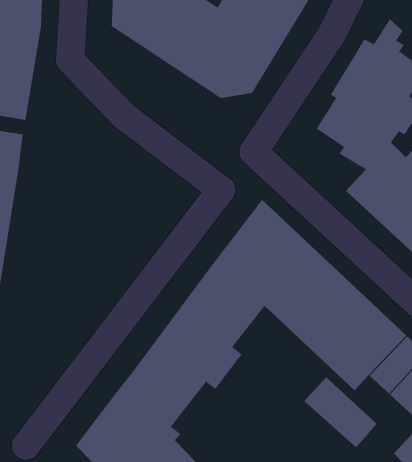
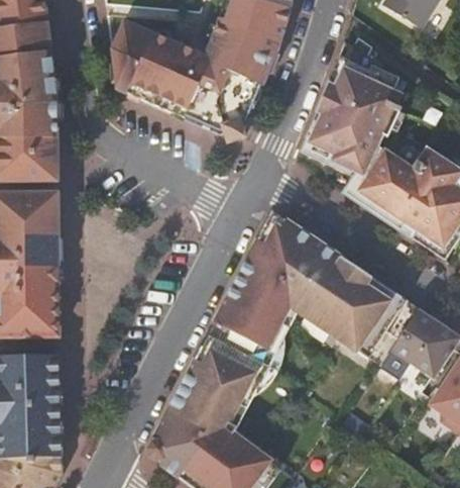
building: [304,377,378,448] -> none

